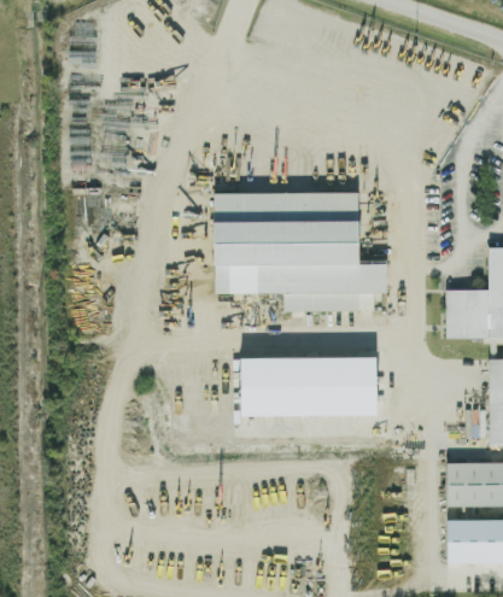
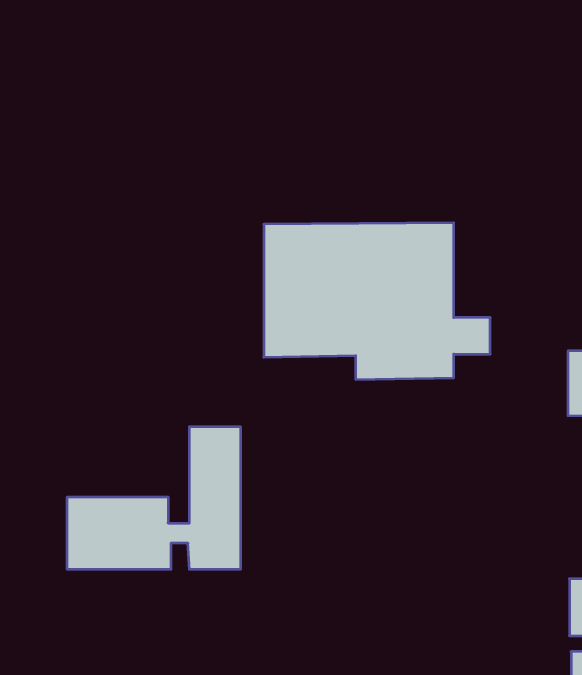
building: none -> [67,427,240,569]
building: [240,357,376,414] -> none

